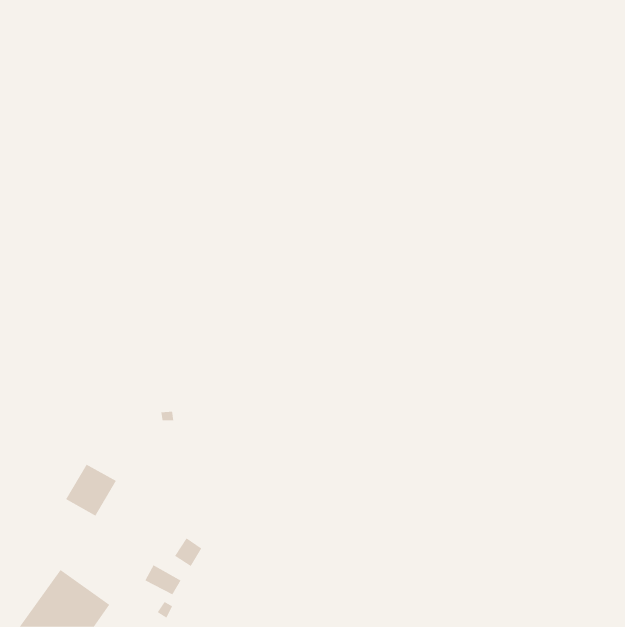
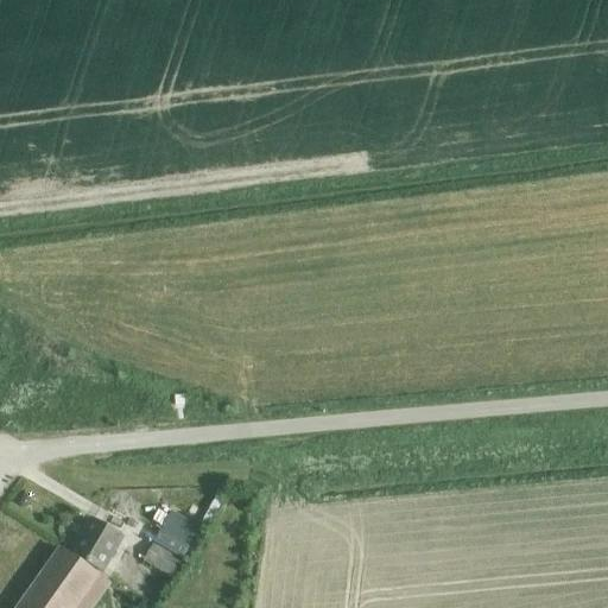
building: [65,464,117,516] -> [70,521,120,572]

